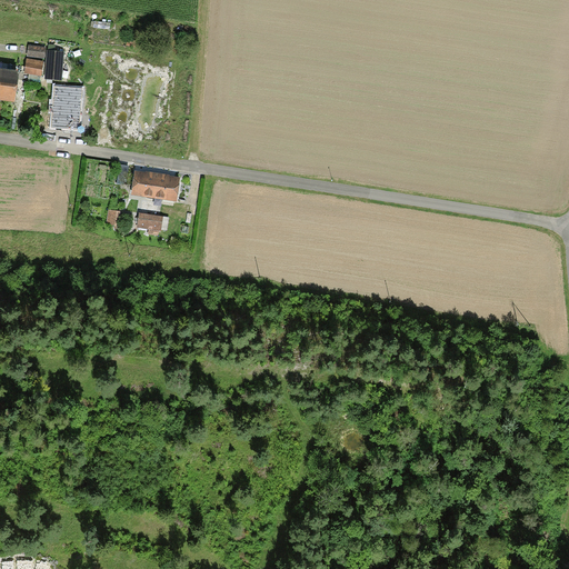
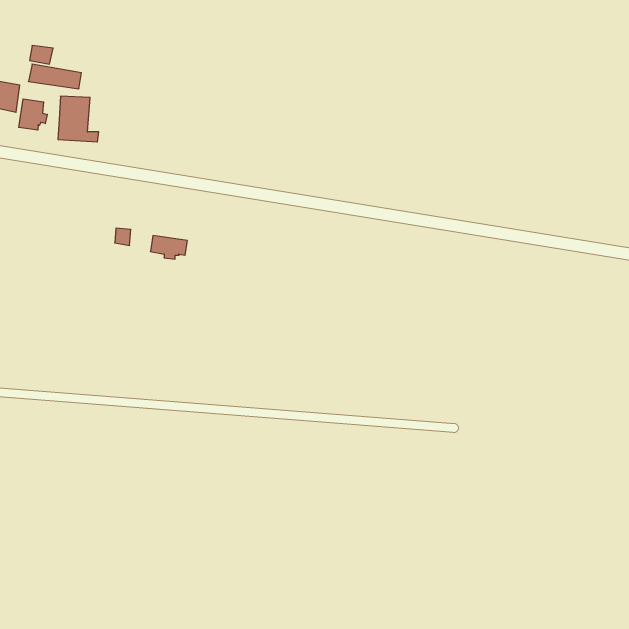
building: none -> [19,99,47,130]
building: [130,171,179,201] -> none

